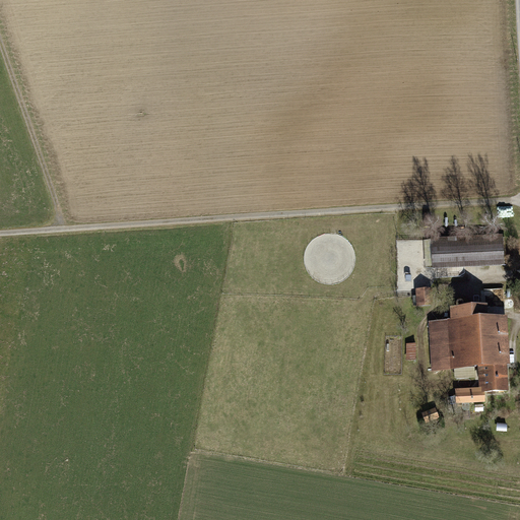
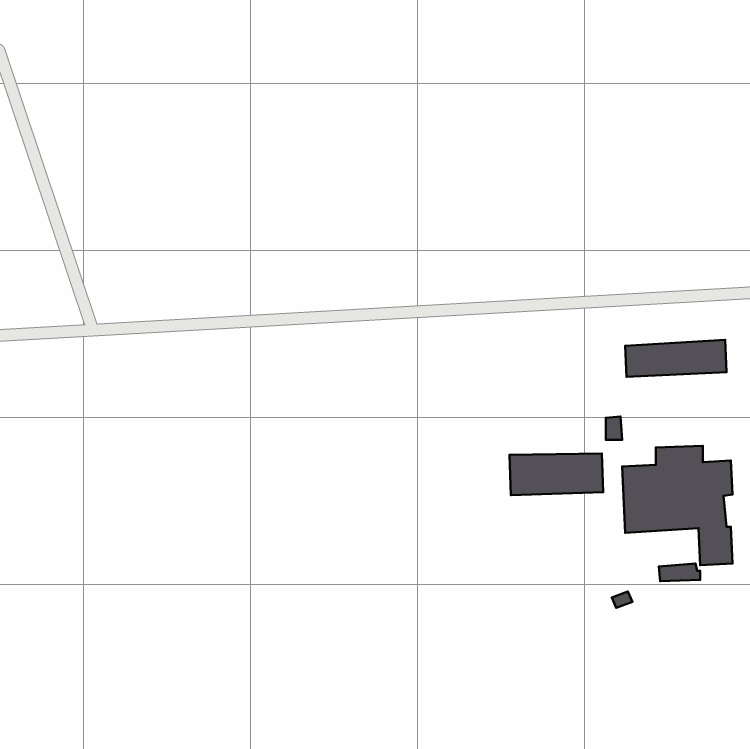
building: none -> [510,454,603,495]

